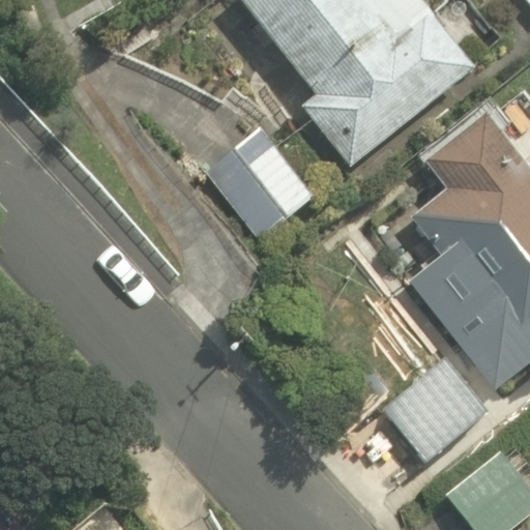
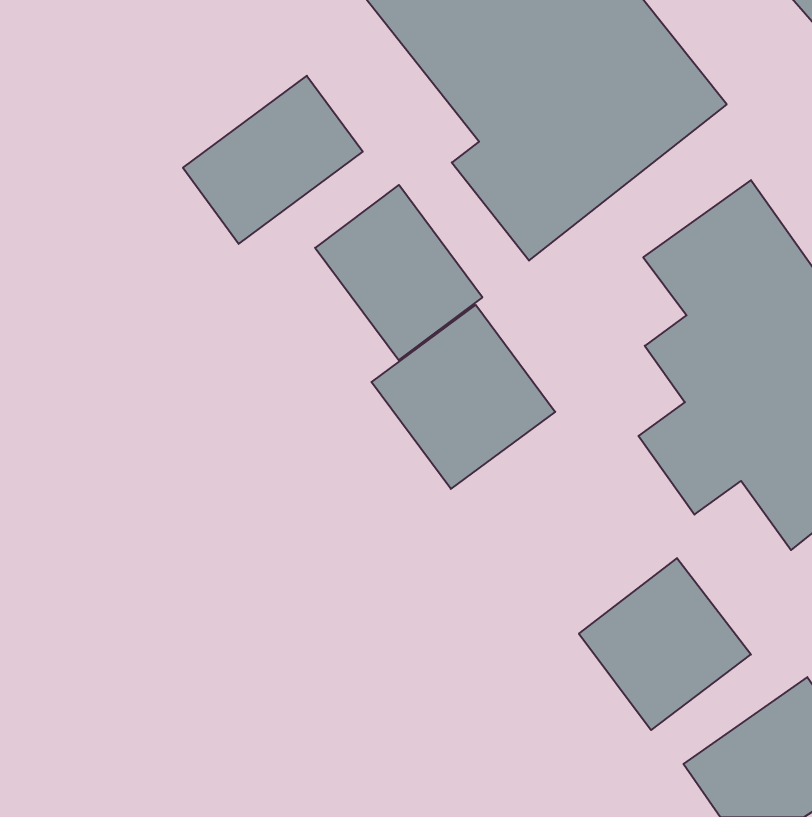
building: none -> [183,76,363,244]
building: none -> [371,305,555,489]

